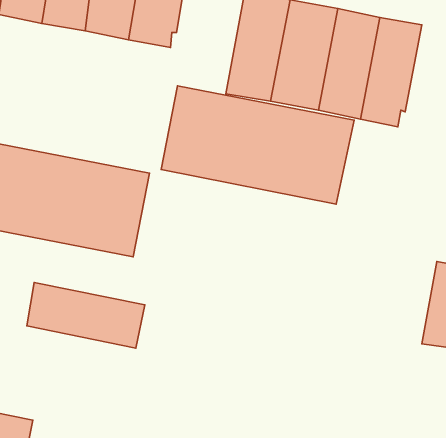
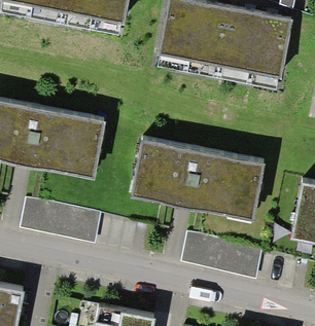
building: [161,86,354,204] -> [131,138,264,219]
building: none -> [180,228,261,275]

